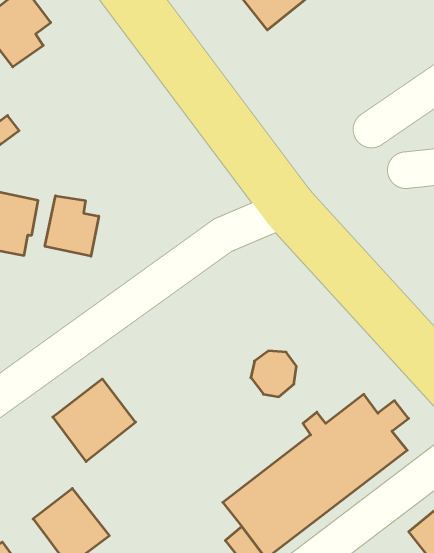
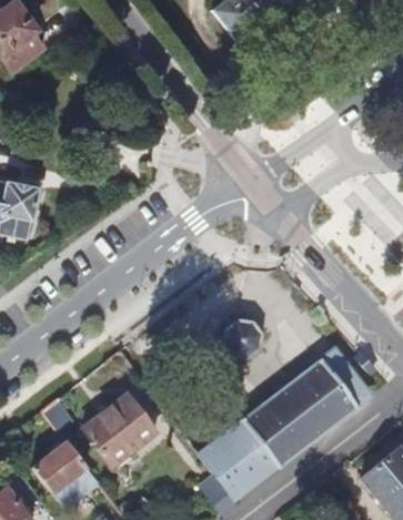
building: [45,196,99,256] -> none
building: [53,379,136,462] -> [83,394,155,466]

